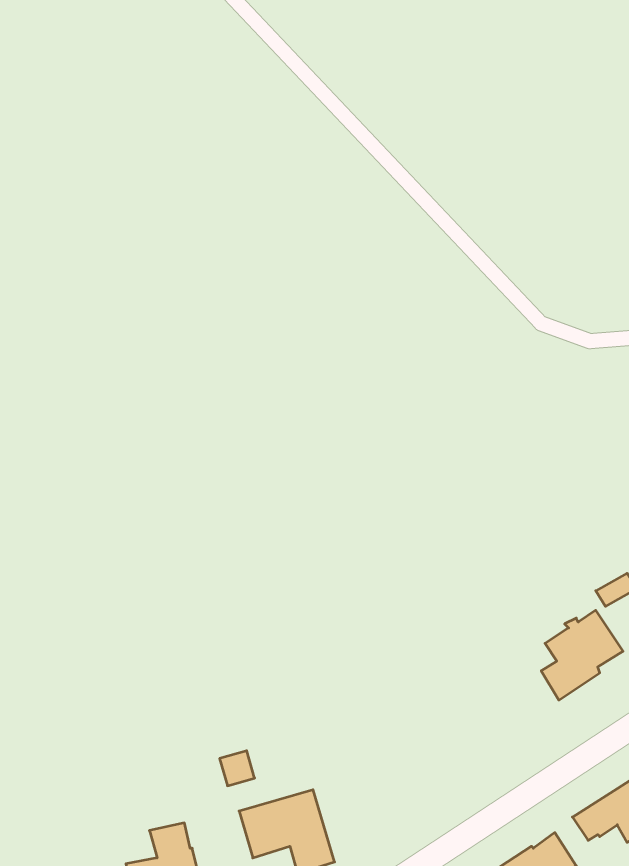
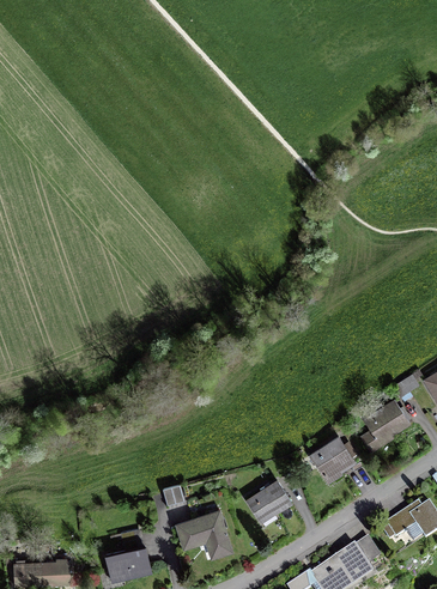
building: none -> [309,433,362,482]
building: none -> [245,478,293,522]

